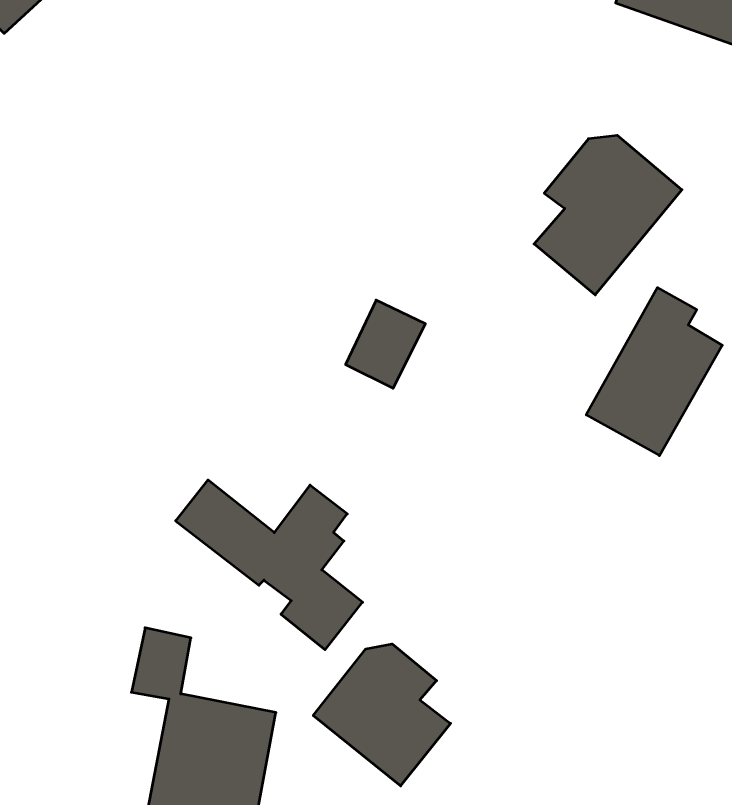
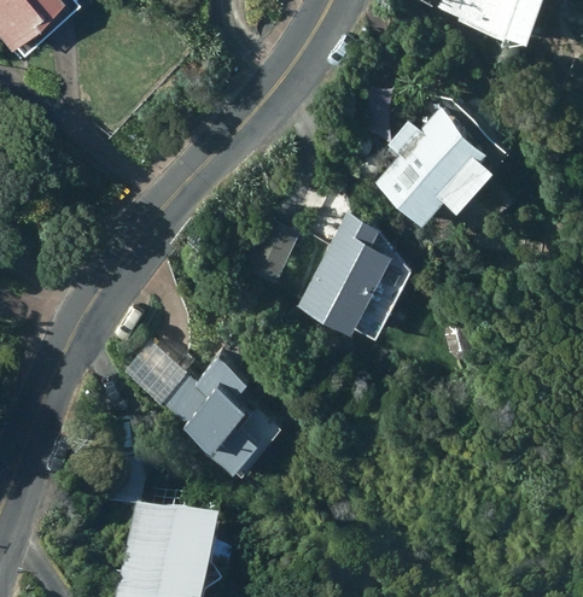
building: [586,288,722,456] -> [307,216,403,335]
building: [313,644,451,786] -> none

